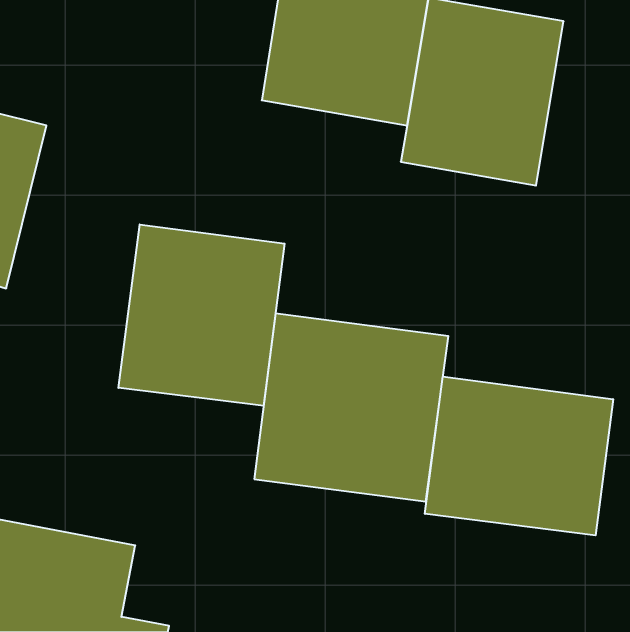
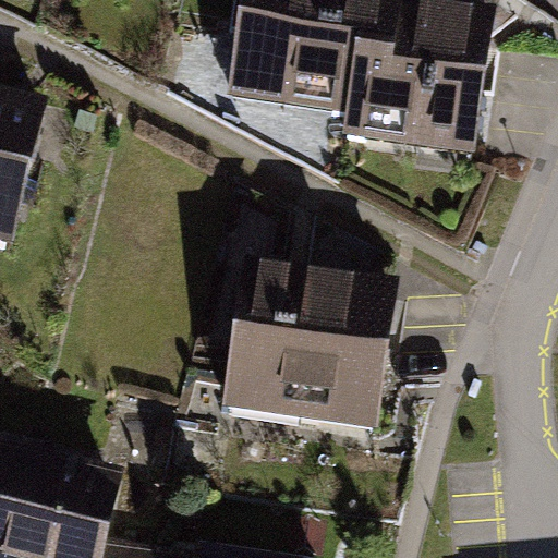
building: [118,224,285,406] -> none
building: [425,377,613,535] -> none

